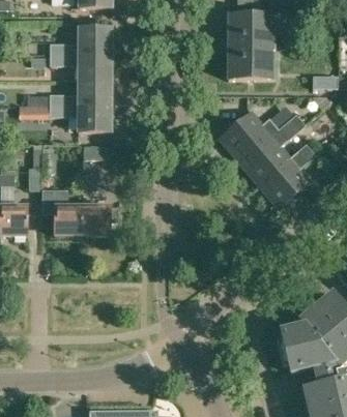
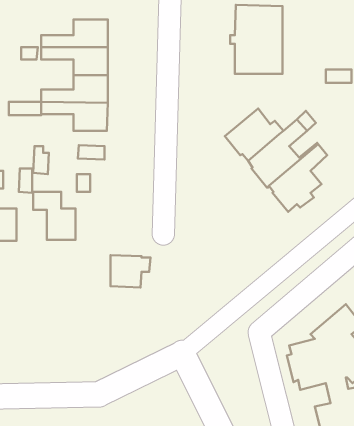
building: [81,204,118,234] -> [110,255,150,287]

